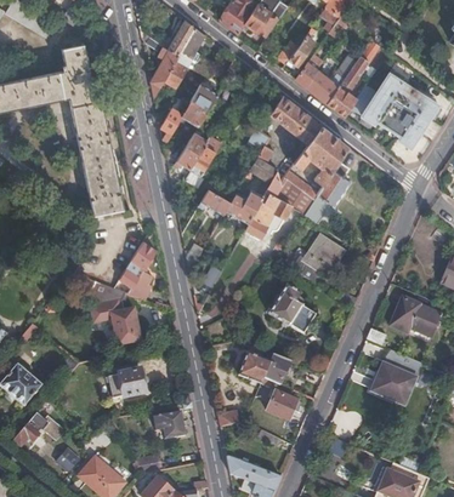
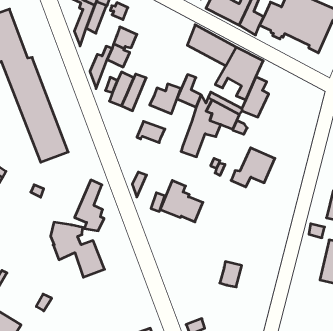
building: [225,190,261,223] -> [150,84,181,114]
building: [268,285,316,333] -> [160,180,203,222]
building: [239,353,269,382] -> none
building: [109,369,144,399] -> none
building: [265,390,296,419] -> none

